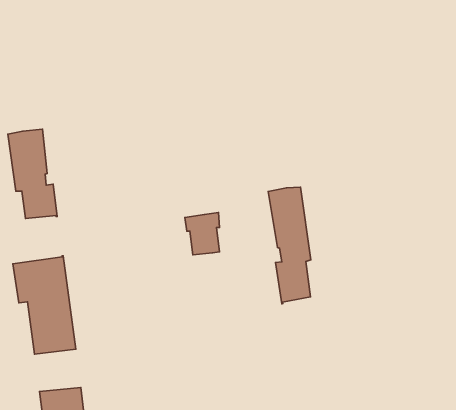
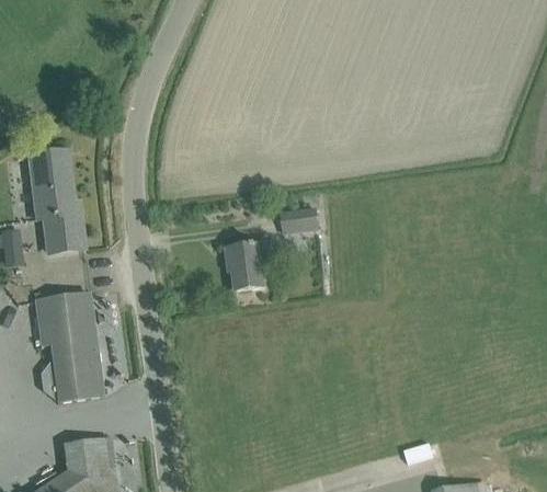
building: none -> [281,208,318,232]
building: [268,187,311,304] -> none

